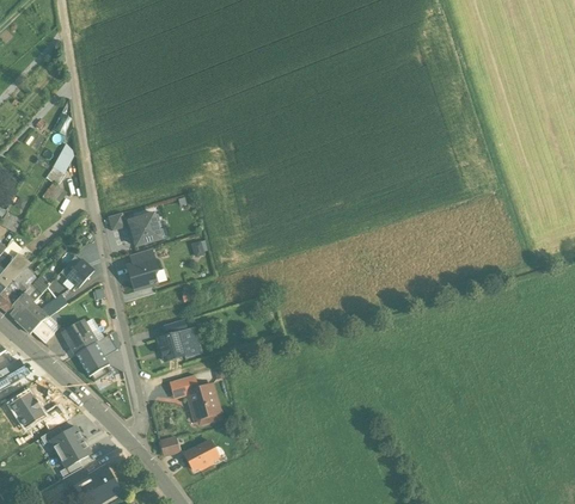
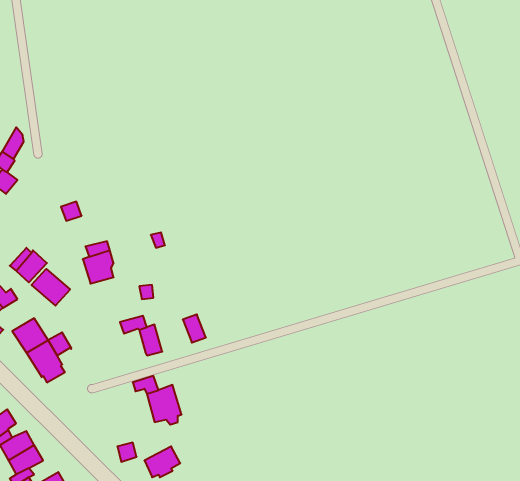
building: [127,211,160,245] -> none
building: none -> [32,269,70,306]
building: [157,330,185,358] -> none

